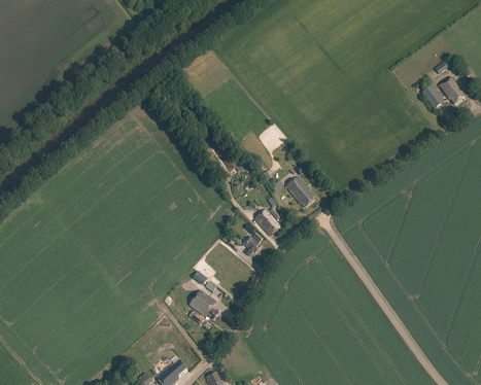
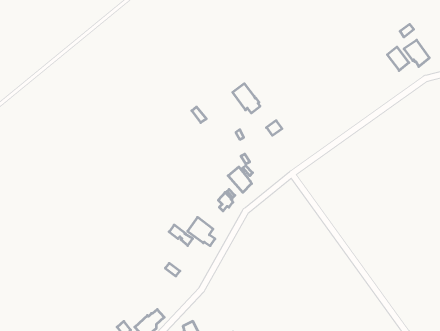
building: [286,177,315,208] -> [233,84,260,113]
building: [190,290,218,320] -> [188,217,215,246]

